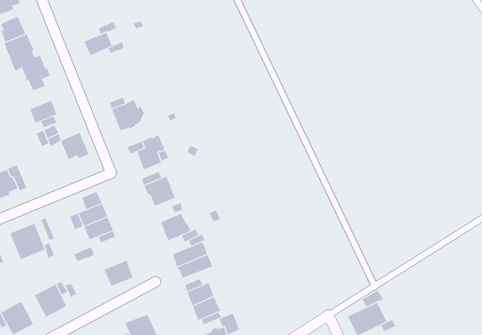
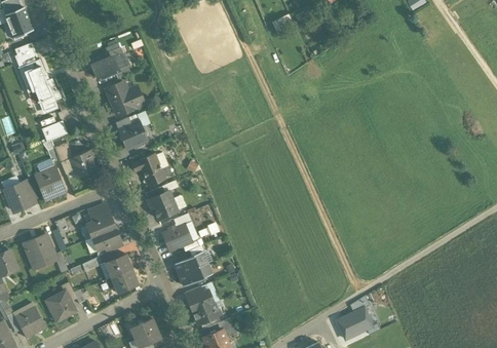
building: none -> [106,84,143,115]
building: none -> [34,165,65,200]
building: none -> [104,254,131,277]

